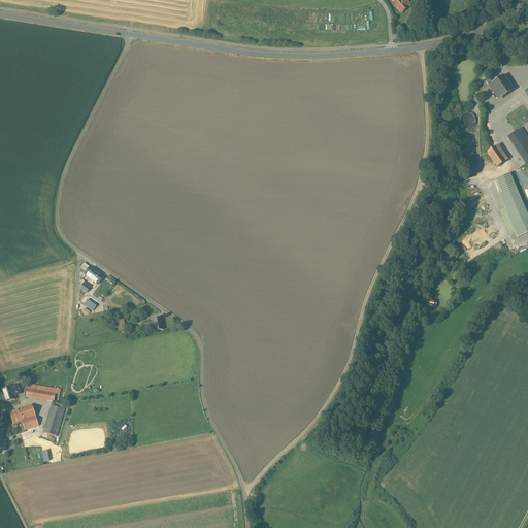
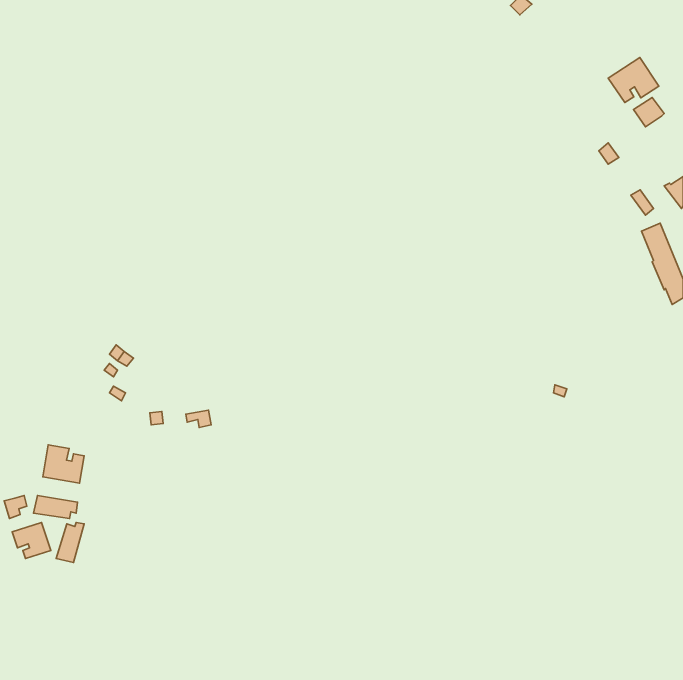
building: none -> [608,57,659,103]
building: none -> [43,445,84,483]

